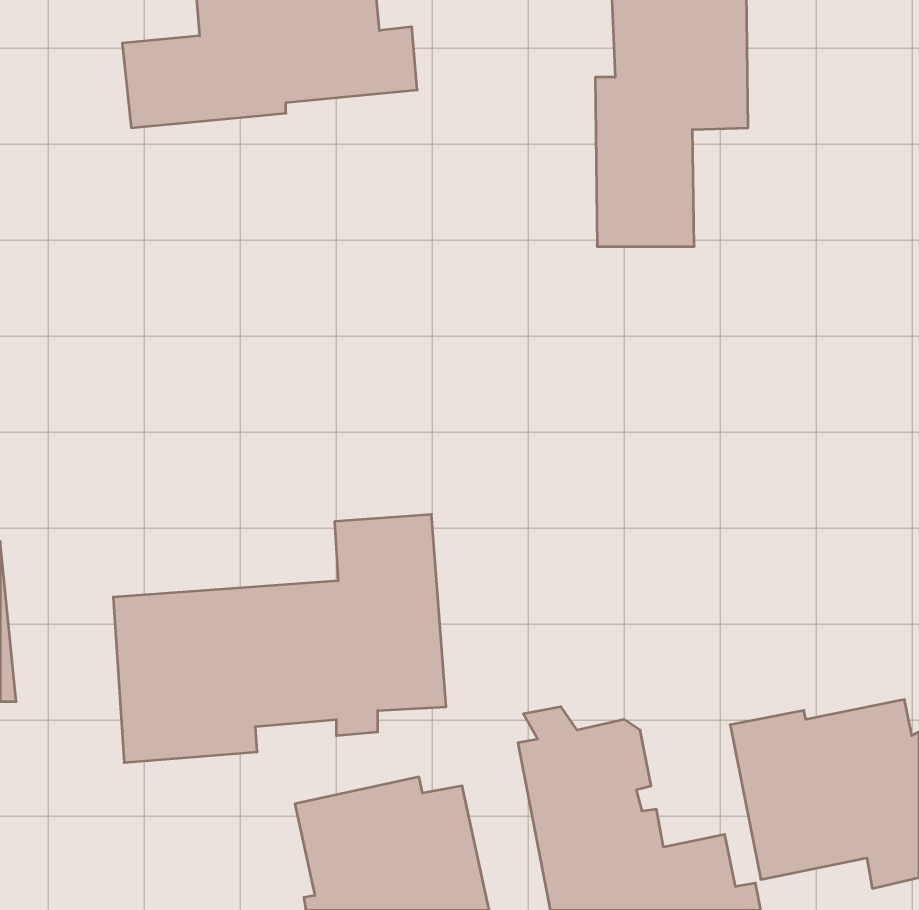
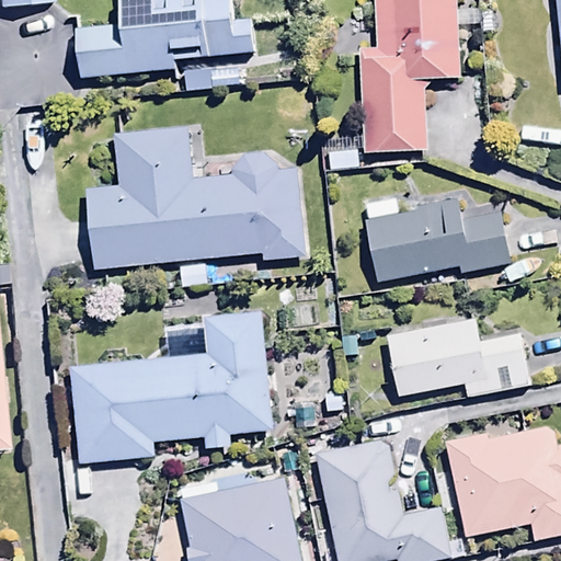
building: none -> [84,128,305,271]
building: none -> [365,198,511,280]
building: none -> [386,319,531,399]

